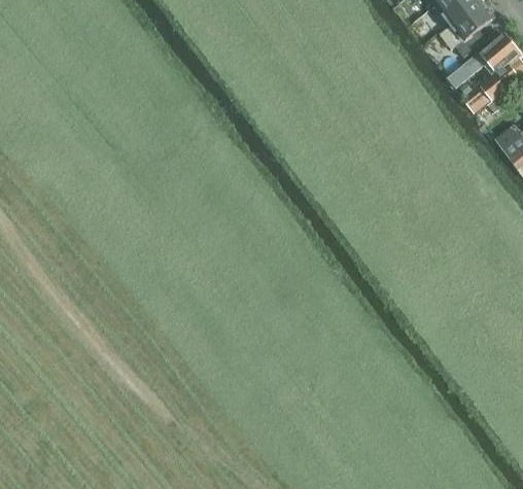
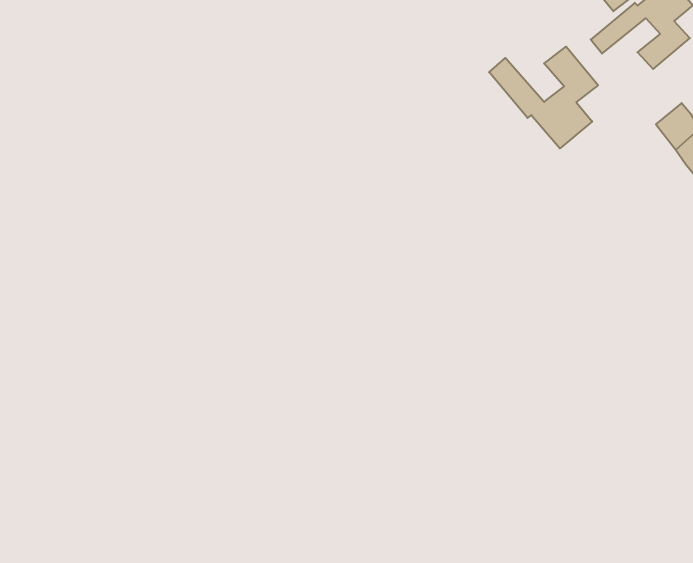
building: none -> [489,47,598,148]

